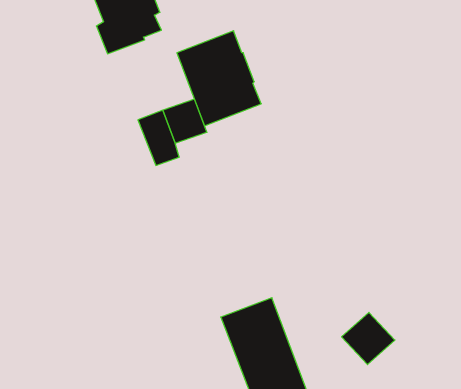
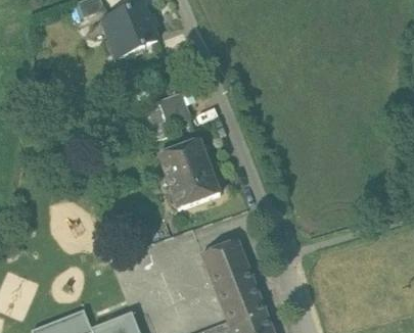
building: [177,31,261,126] -> [156,138,219,208]
building: [342,312,395,365] -> none

